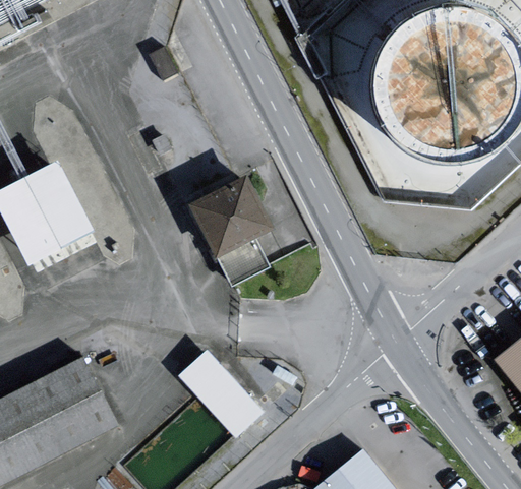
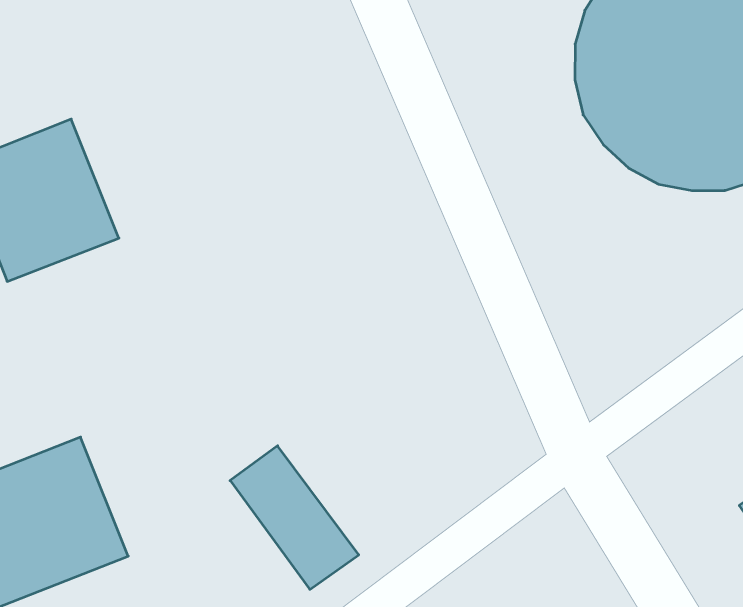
building: [189,174,276,285] -> none

